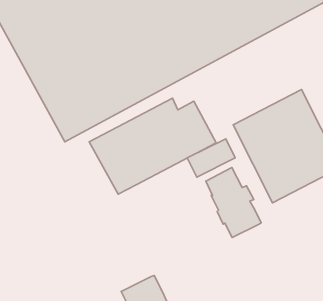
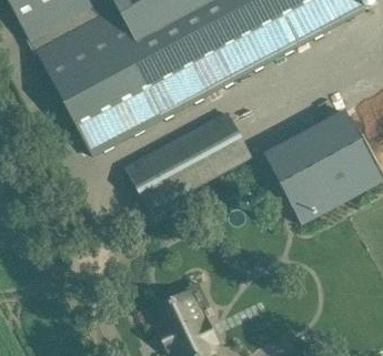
building: [206,168,261,238] -> none

